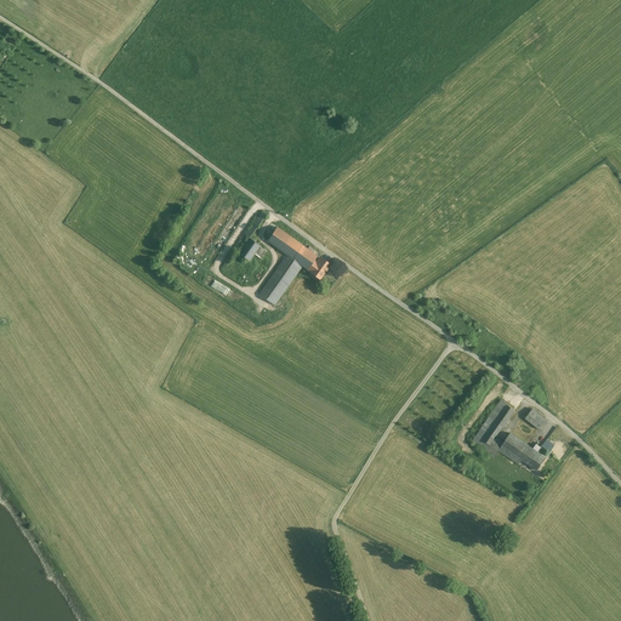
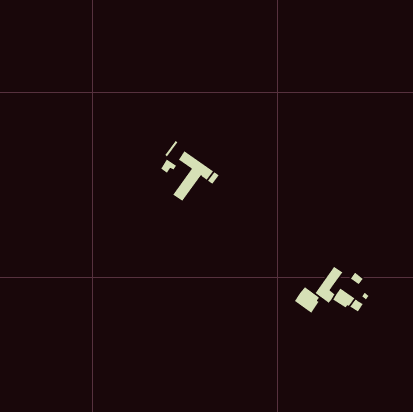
building: none -> [294,286,320,314]

